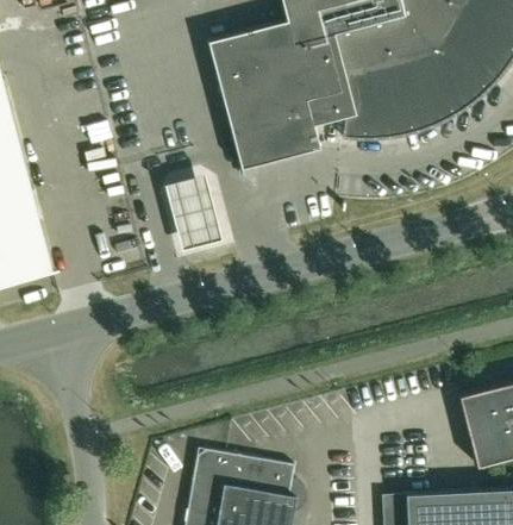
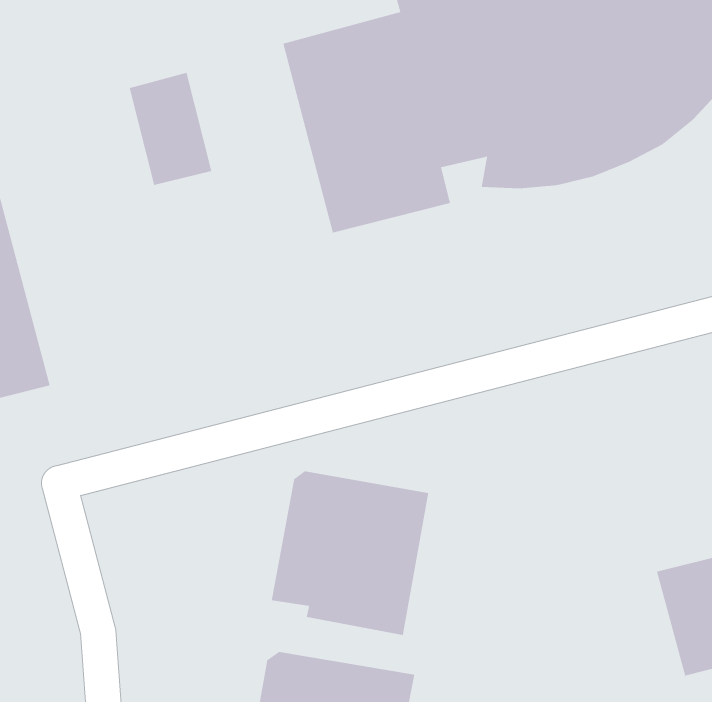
building: [164,174,220,250] -> [129,72,212,185]
building: none -> [271,471,429,636]

